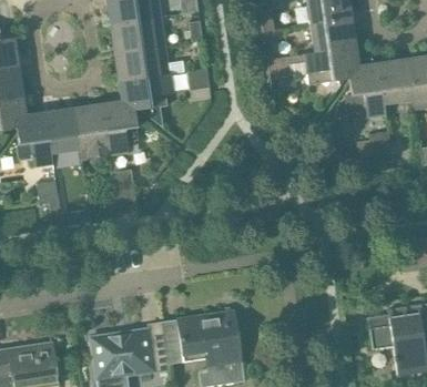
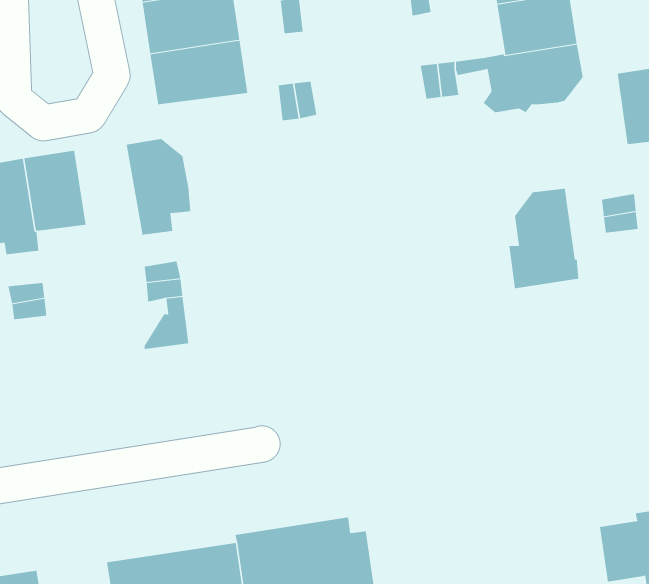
building: [346,63,386,120] -> [508,188,579,289]
building: [120,74,173,128] -> none
building: [73,103,111,160] -> none

